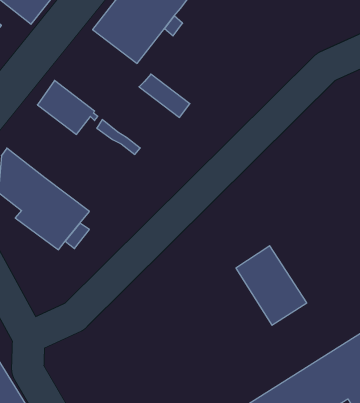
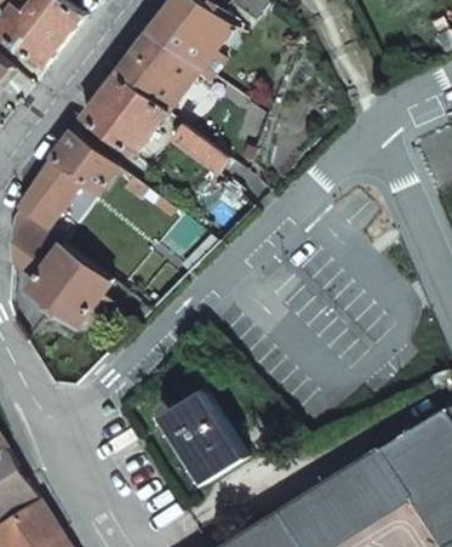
building: none -> [80,73,165,156]
building: none -> [16,159,96,243]
building: [236,246,307,325] -> [162,389,244,480]

